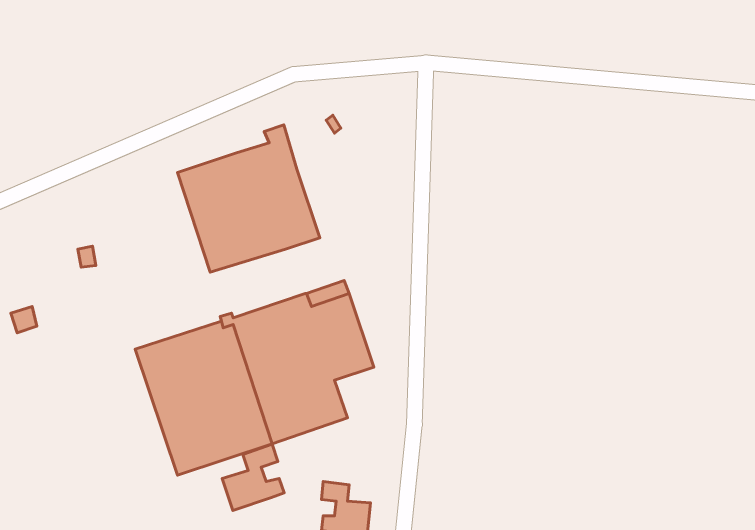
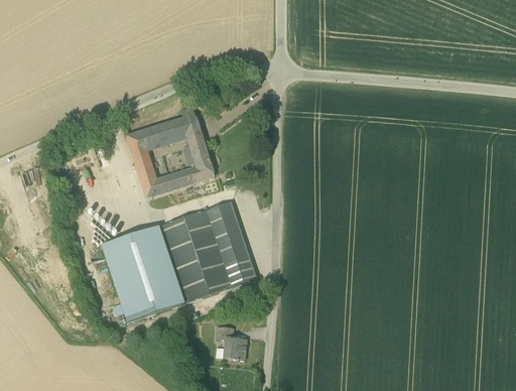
building: none -> [224,254,256,285]
building: [222,444,284,510] -> none

